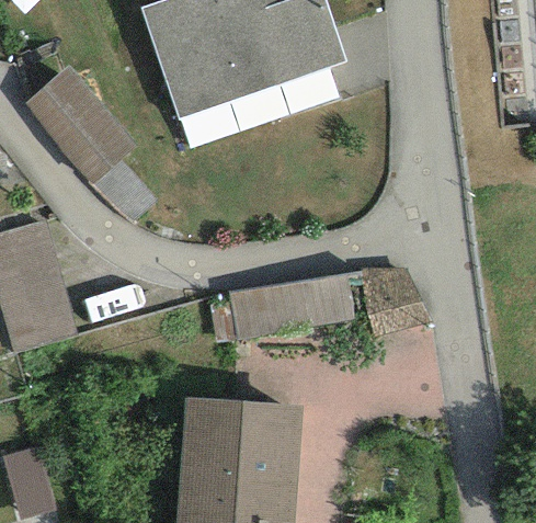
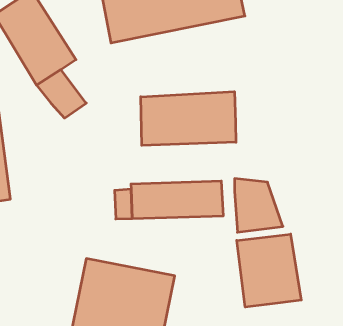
building: none -> [141,92,236,145]
building: none -> [237,234,301,307]

